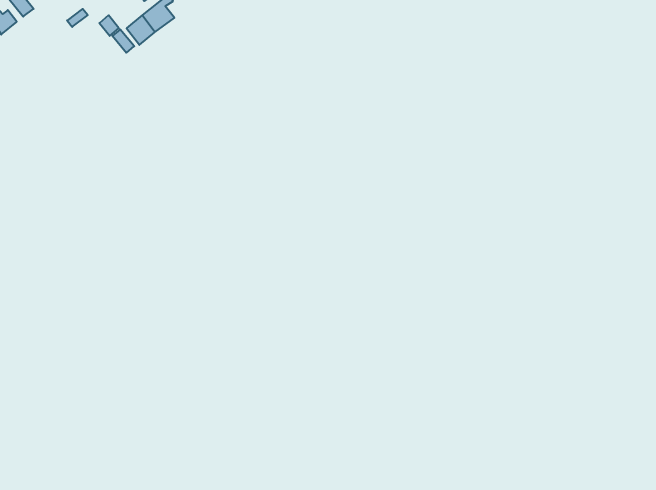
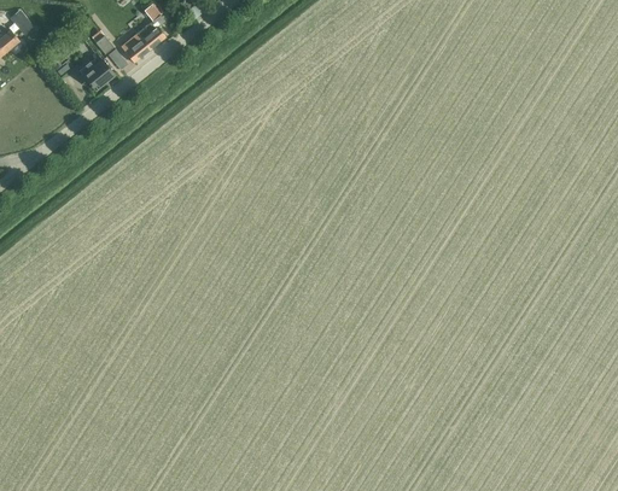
building: none -> [80,55,113,87]

